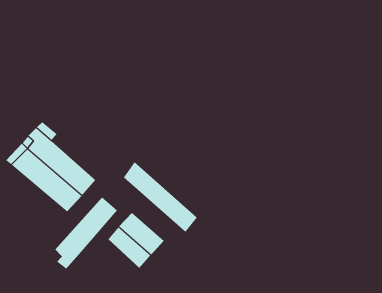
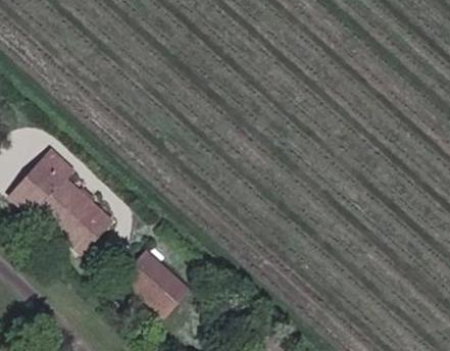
building: [123,161,197,232] -> none
building: [54,196,118,270] -> none

